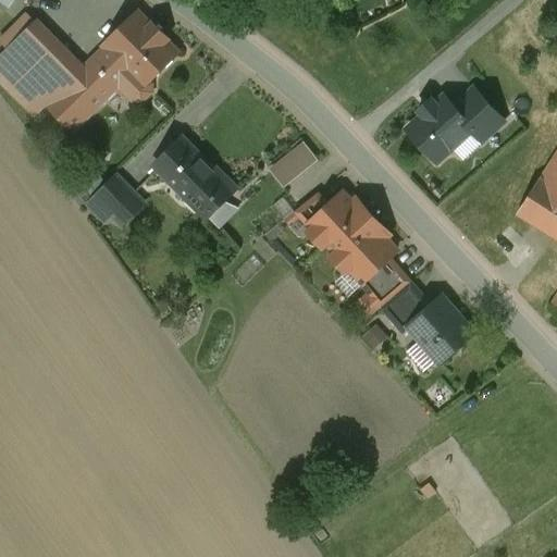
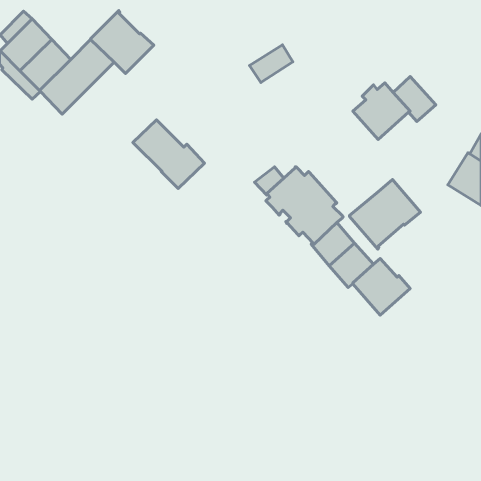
building: [117,72,151,102] -> none
building: [274,138,324,182] -> [249,45,293,83]
building: [94,174,136,225] -> none
building: none -> [350,180,421,249]

